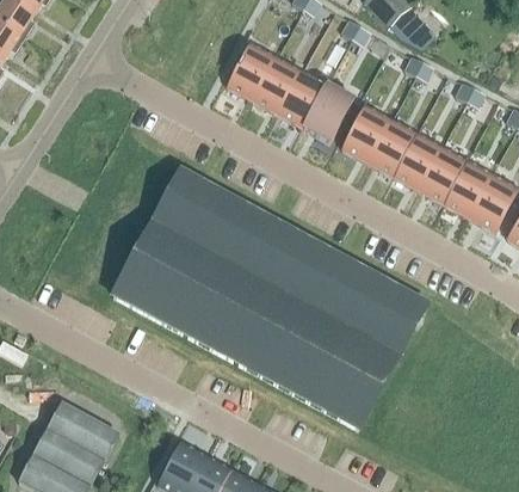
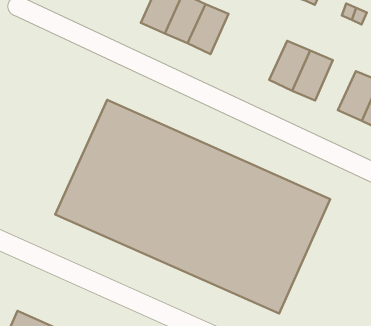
building: [303,84,353,142] -> none
building: [341,105,391,162] -> none
building: [418,146,467,203] -> none

